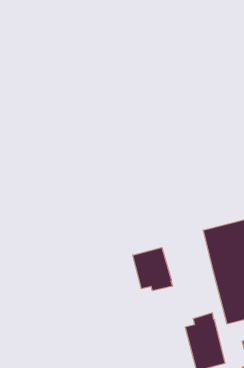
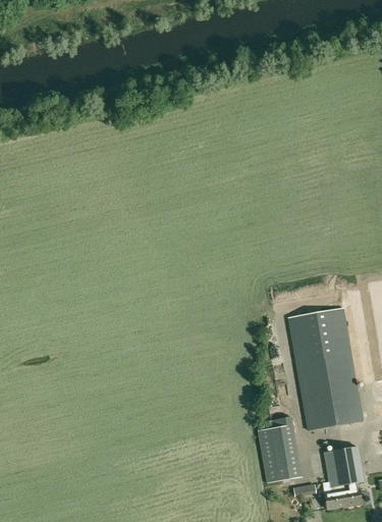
building: [133,248,172,291] -> none

